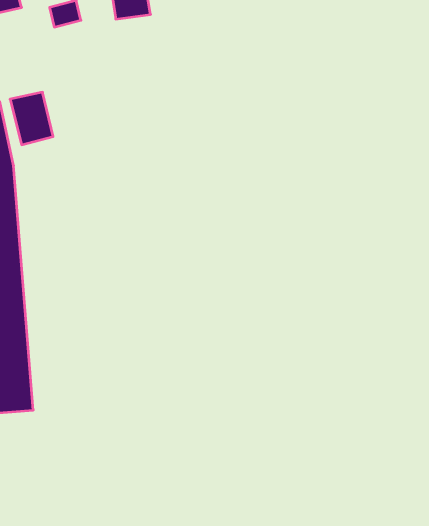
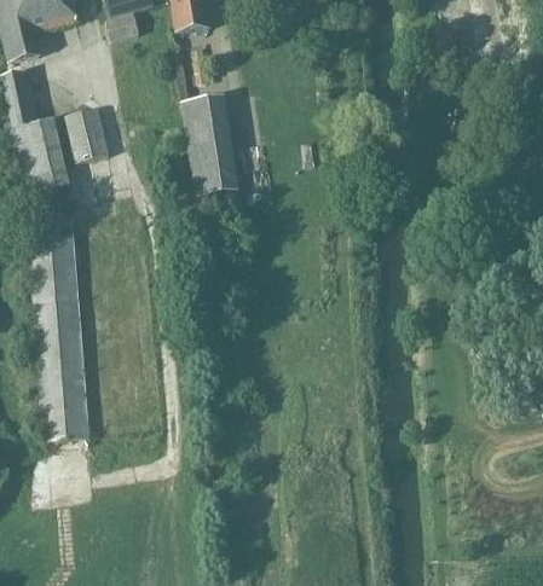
building: none -> [179,94,239,196]

